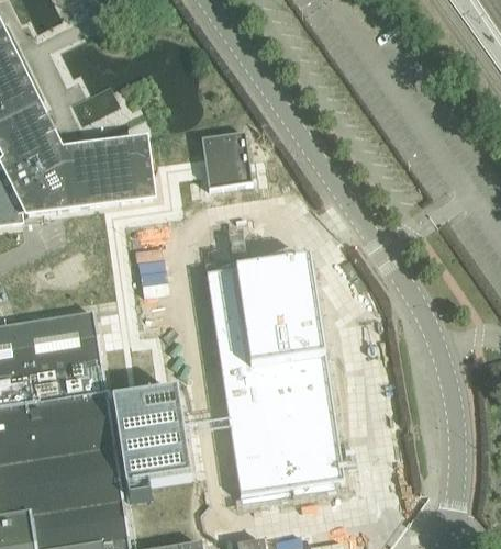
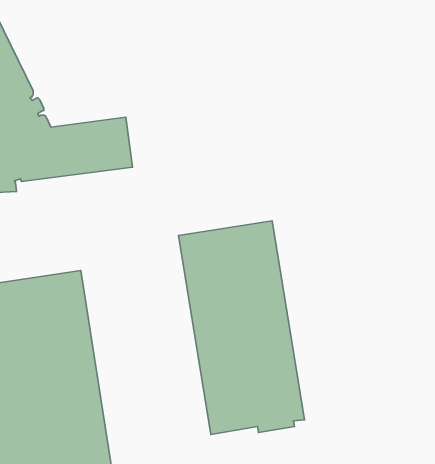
building: [201,132,252,188] -> none
building: [113,390,192,486] -> none

